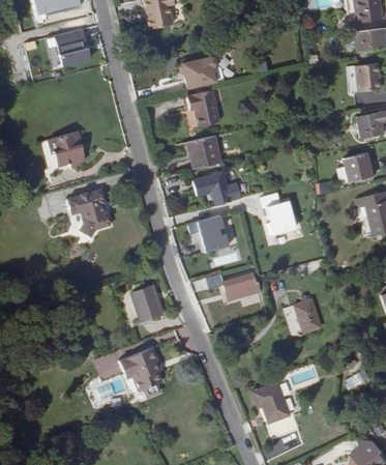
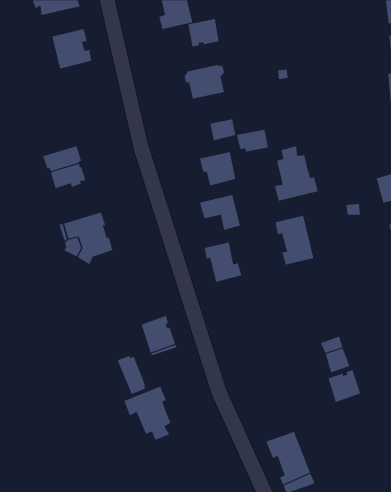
building: none -> [188,18,219,48]
building: [188,90,217,111] -> [236,129,269,152]
building: none -> [274,145,318,202]
building: [224,273,261,299] -> none
building: none -> [117,355,146,395]
building: none -> [328,369,361,403]

